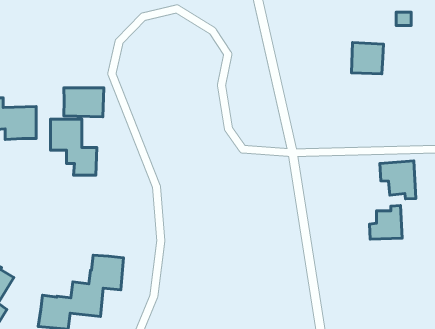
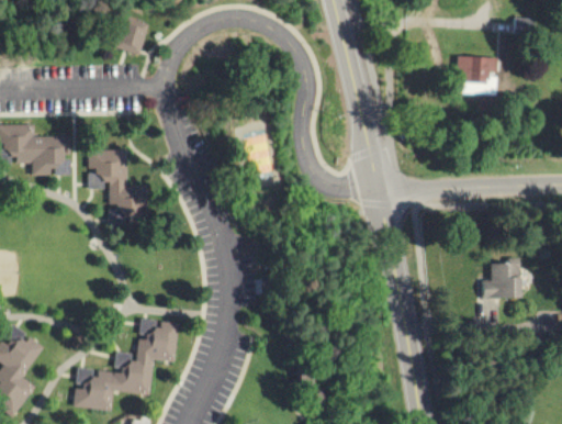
building: none -> [109,16,145,55]
building: [64,88,104,117] -> none
building: [380,161,416,199] -> none

